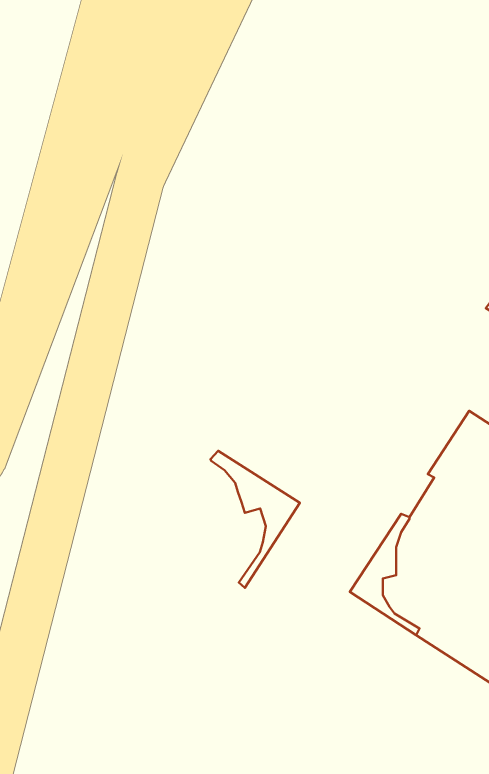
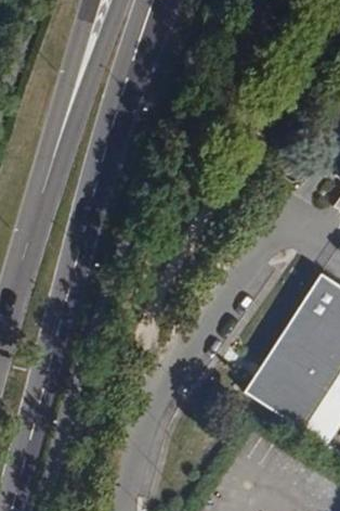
building: [211,451,300,588] -> none

